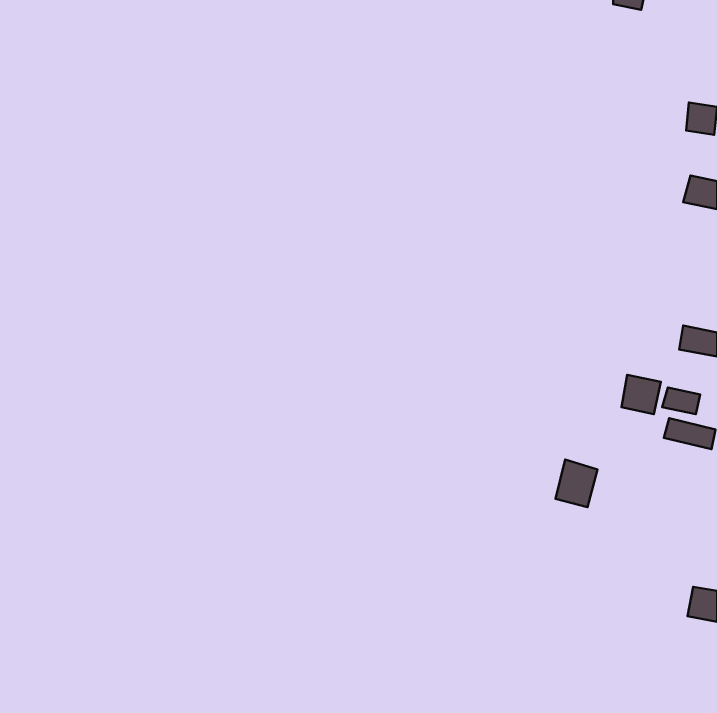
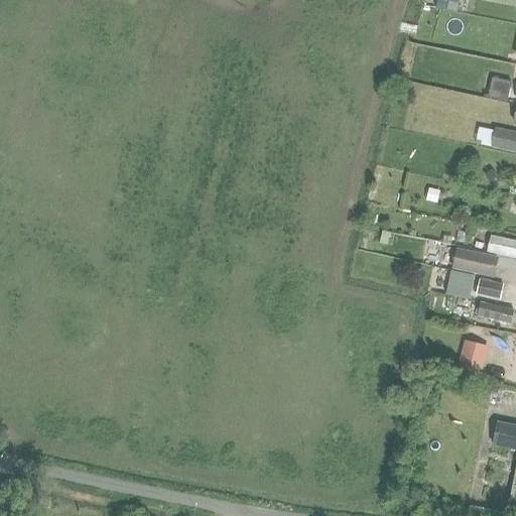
building: none -> [453,246,499,276]
building: [555,460,597,507] -> [458,339,488,373]

